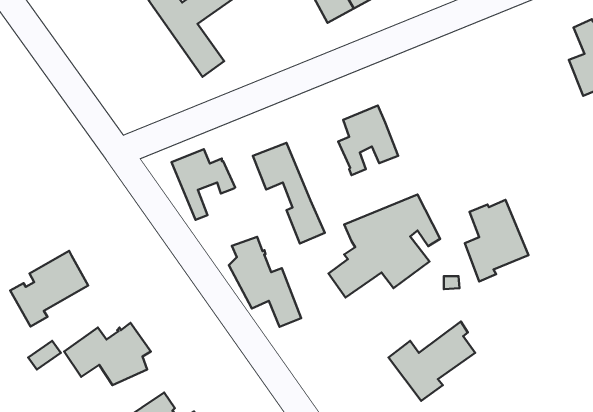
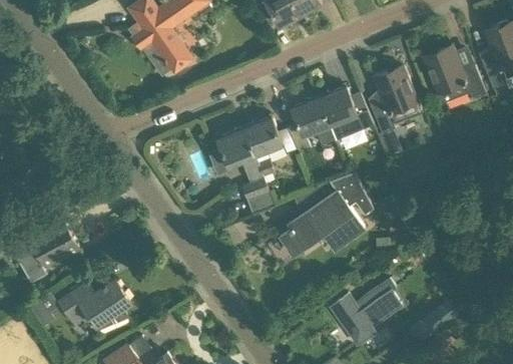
building: none -> [423,44,485,104]
building: none -> [321,87,373,139]
building: [171,149,235,220] -> [244,117,298,176]
building: [465,200,528,281] -> [369,66,422,134]
building: [229,237,301,327] -> none

